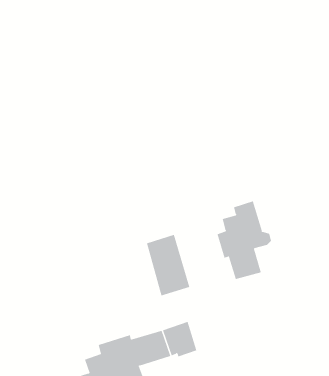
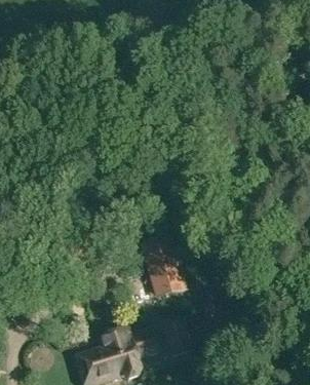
building: [217,201,272,280] -> none

